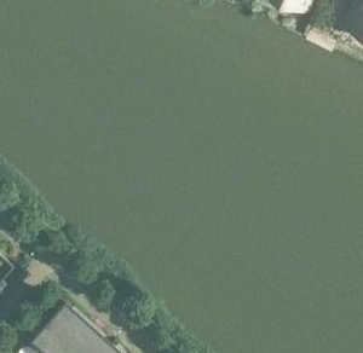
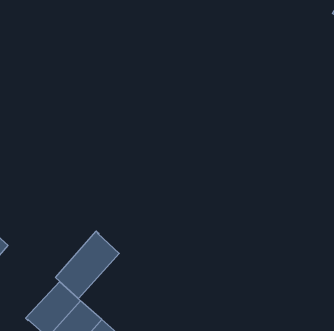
building: none -> [56,231,119,299]

